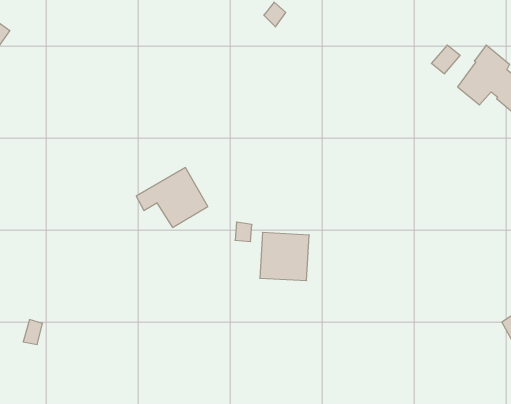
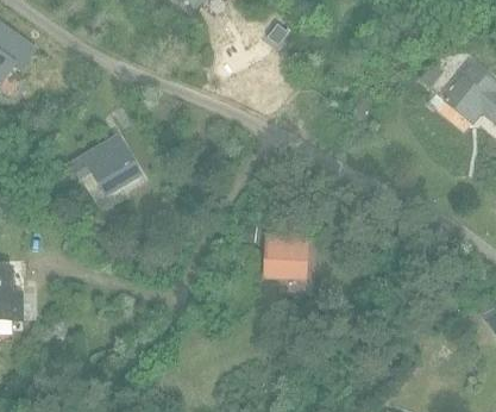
building: [136,168,208,227] -> [73,136,138,191]

